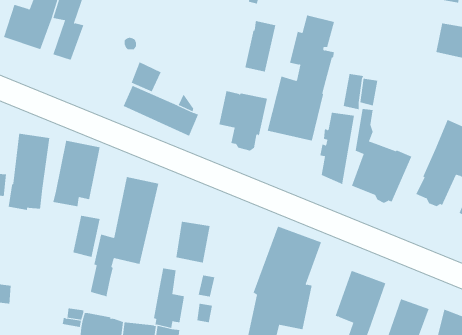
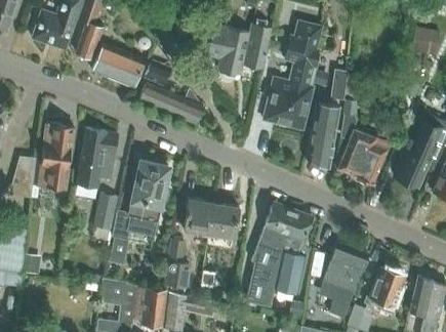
building: none -> [92,43,145,87]
building: [219,90,268,151] -> [208,25,251,78]
building: none -> [208,203,239,240]

